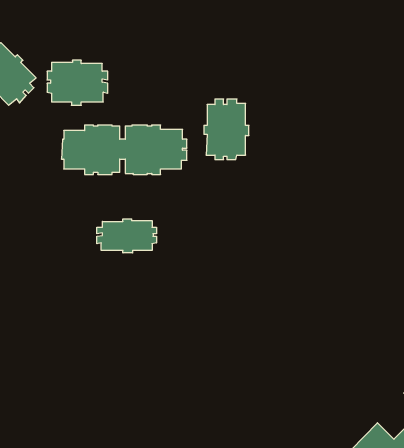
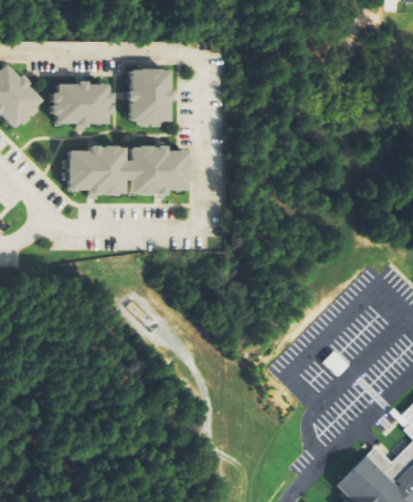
building: [204,99,249,160] -> [124,64,169,125]
building: [97,219,156,253] -> none

